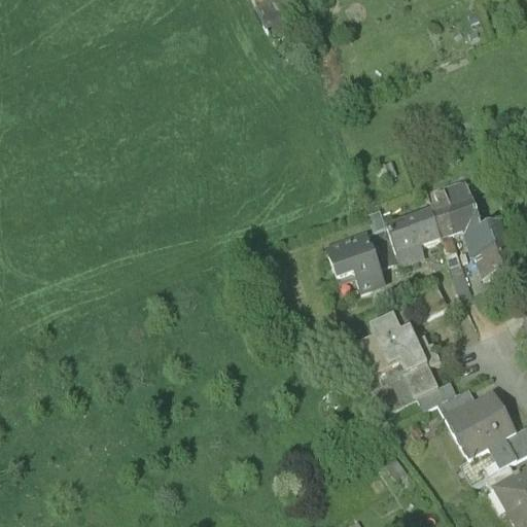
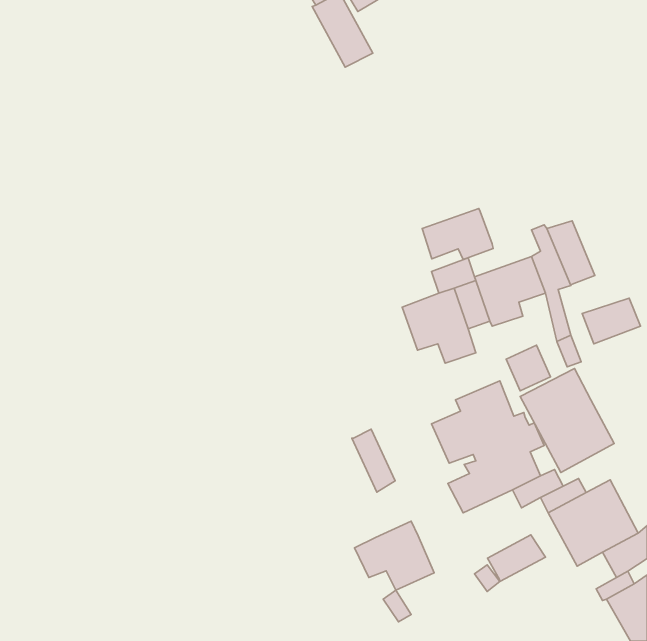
building: none -> [422,208,493,260]
building: [464,218,511,254] -> none
building: none -> [520,368,614,473]
building: none -> [352,429,395,492]
building: none -> [355,521,434,590]
building: none -> [487,535,546,581]

